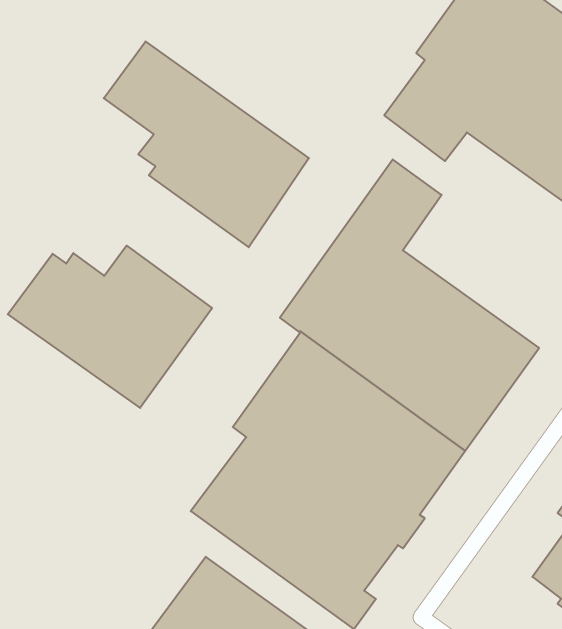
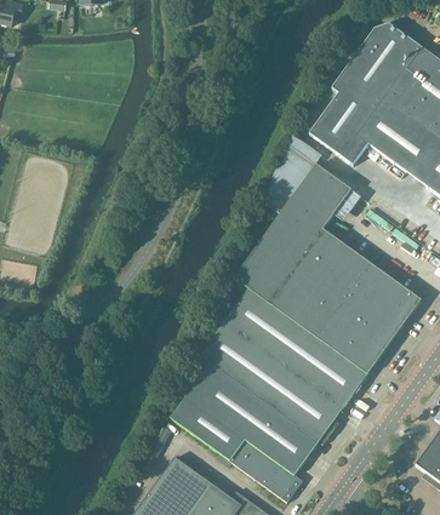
building: [104,41,309,247] -> none
building: [8,246,212,408] -> none

